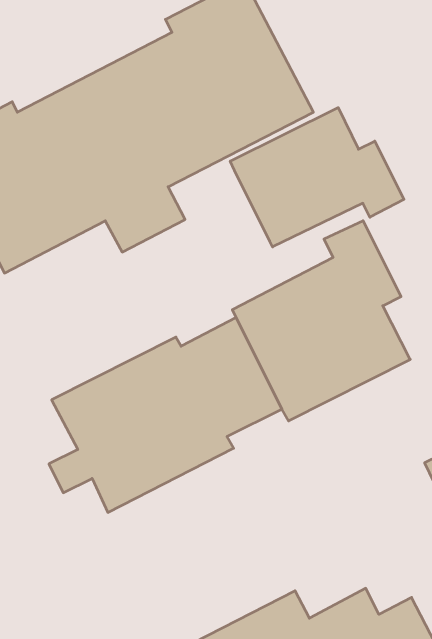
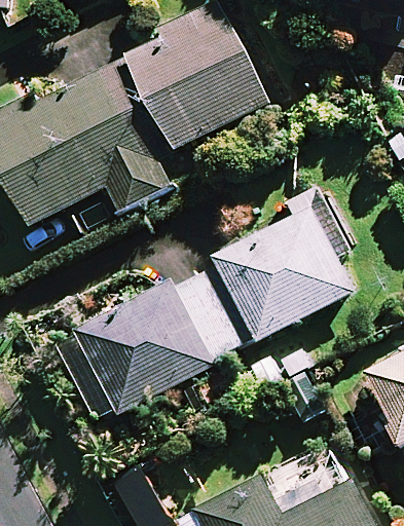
building: [230,108,404,247] -> none

